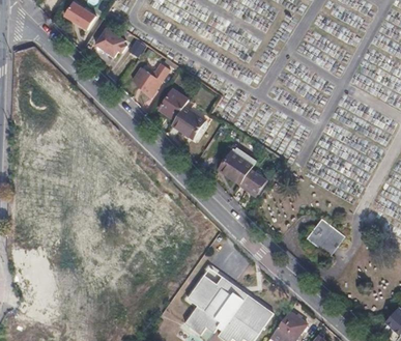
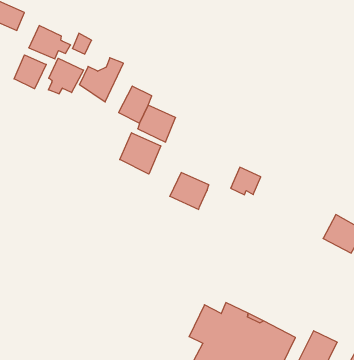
building: none -> [14,55,46,89]
building: none -> [48,58,84,94]
building: none -> [120,133,161,174]
building: [219,151,252,183] -> [170,173,209,209]

